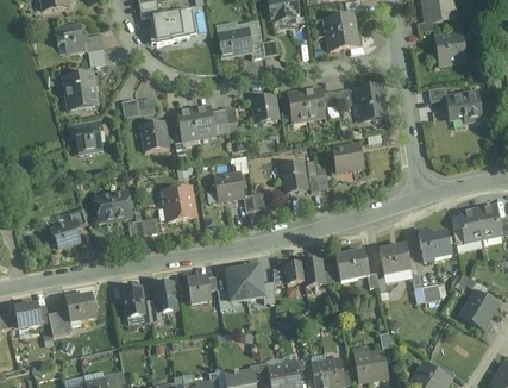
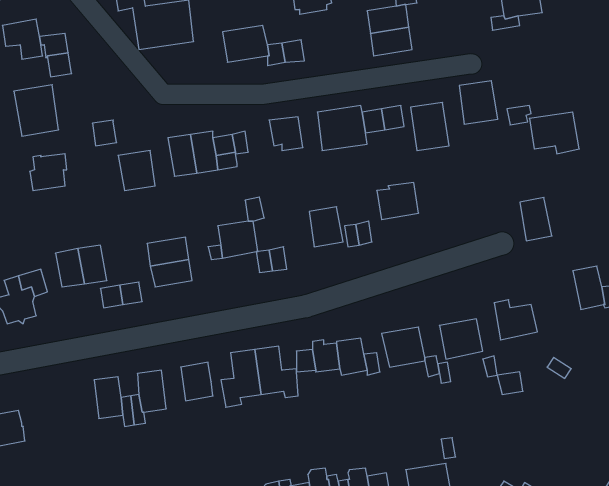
building: [437,29,465,61] -> [459,81,498,124]
building: [459,207,483,239] -> [520,197,552,241]
building: [462,289,496,326] -> none
building: [64,294,96,321] -> none

